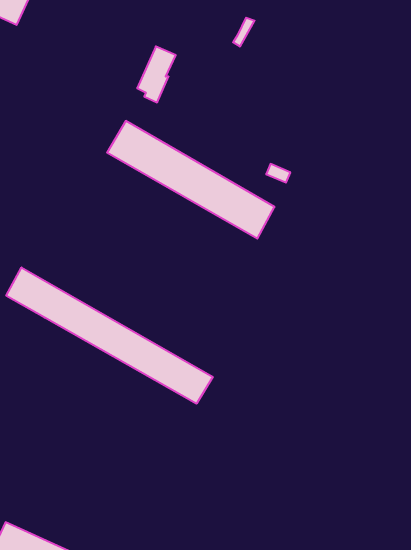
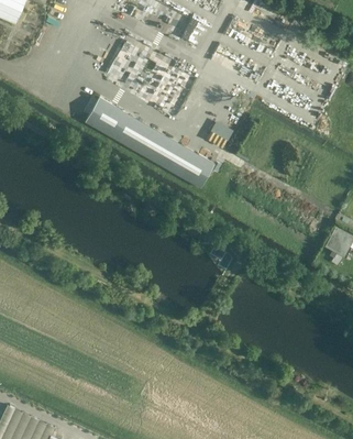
building: [6,267,213,404] -> none

